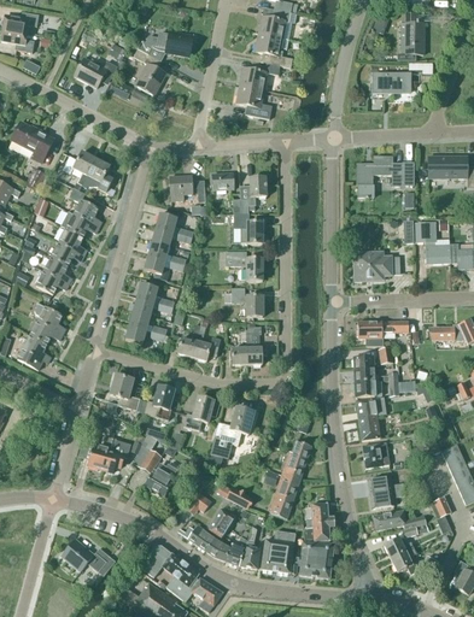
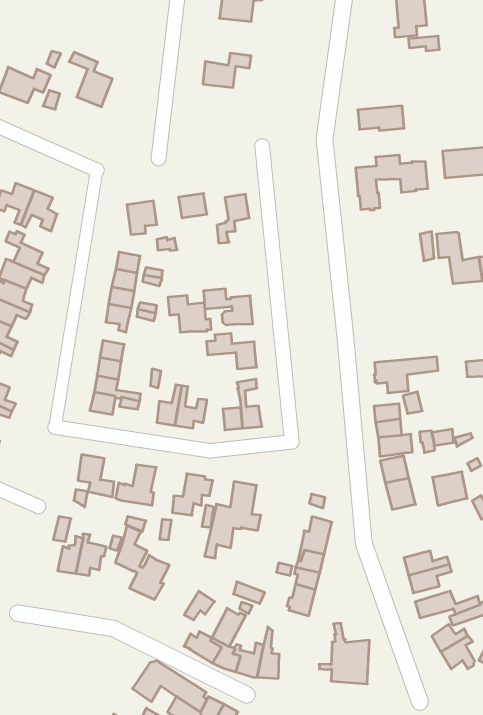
building: [137,29,193,59] -> none
building: [253,33,292,67] -> none
building: [373,74,409,92] -> [358,106,404,130]
building: [235,84,271,118] -> none
building: [233,213,265,243] -> [168,296,211,332]
building: [353,252,410,281] -> none
building: [362,442,388,468] -> [432,472,467,505]
building: [305,504,334,541] -> none
building: [261,530,297,574] -> none
building: [60,539,113,571] -> none

